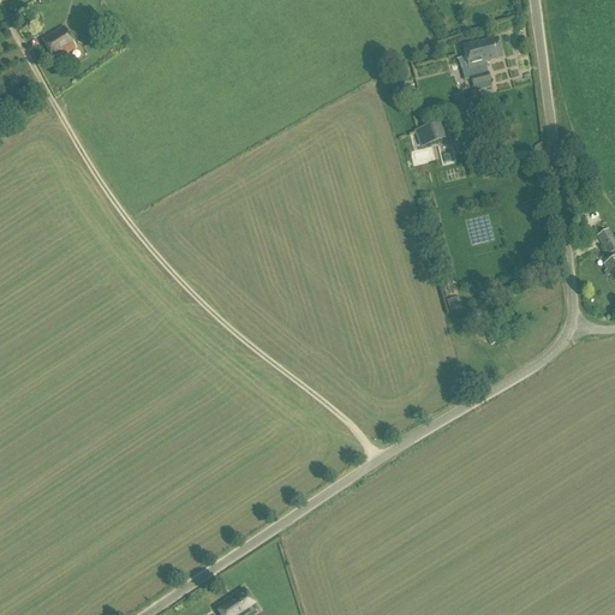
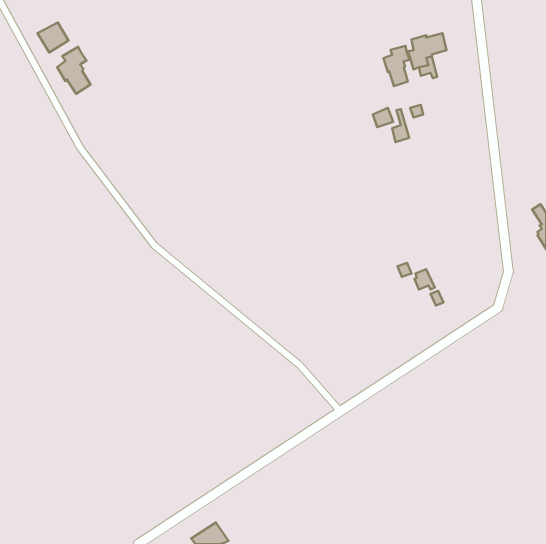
building: none -> [384,46,410,86]
building: none -> [57,47,90,94]

